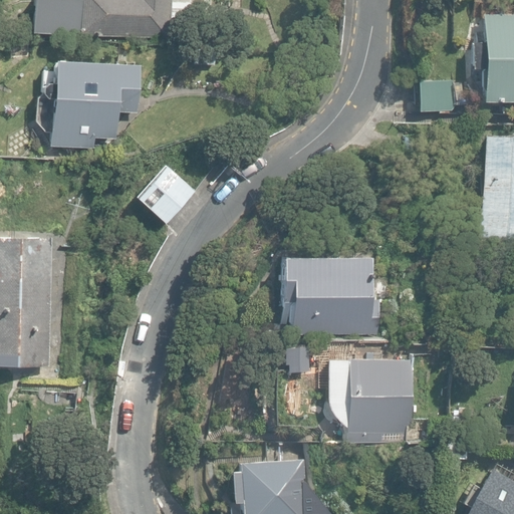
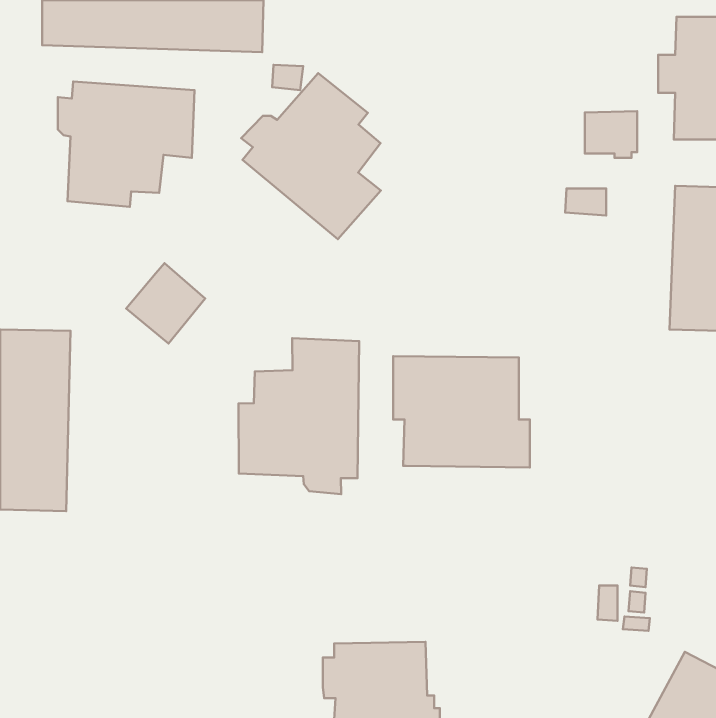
building: none -> [241,73,381,239]
building: [139,164,195,221] -> [126,263,205,344]
building: none -> [238,338,359,494]
building: [327,358,414,445] -> none

